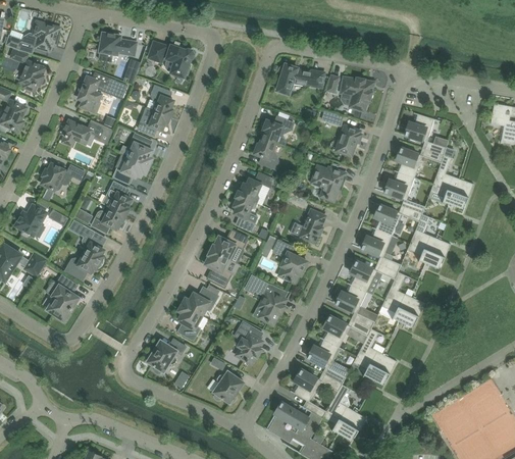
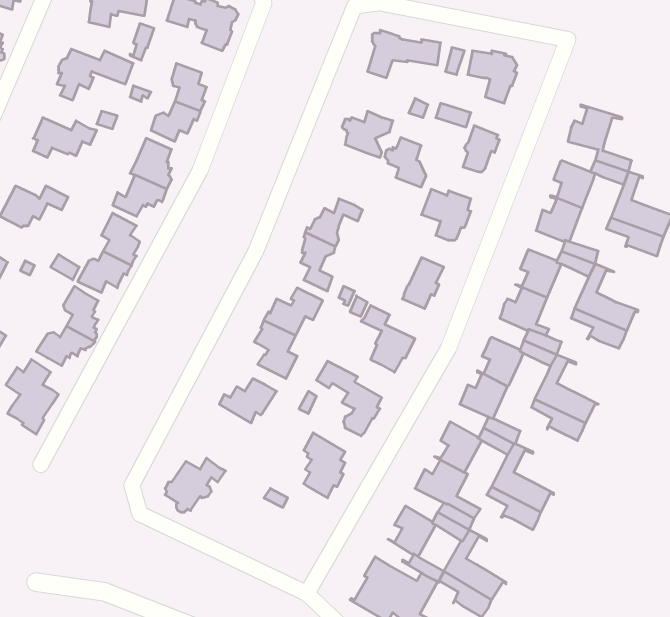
building: [252,137,278,168] -> [385,138,426,187]
building: [177,303,202,340] -> none
building: [213,370,244,402] -> none

